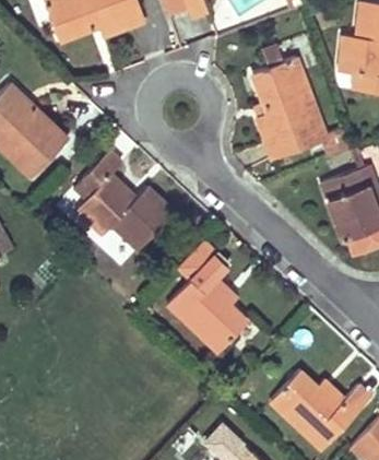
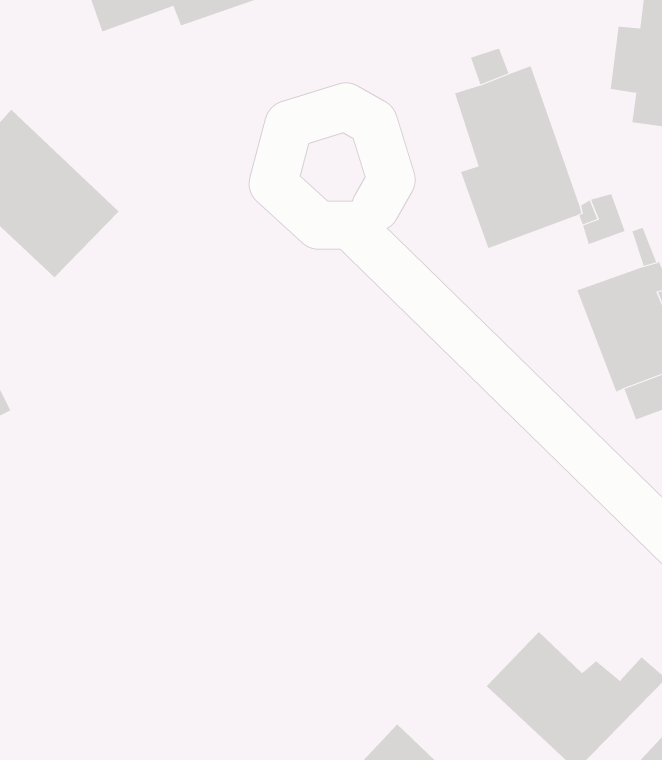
building: [73,152,173,249] -> none
building: [167,241,247,353] -> none

